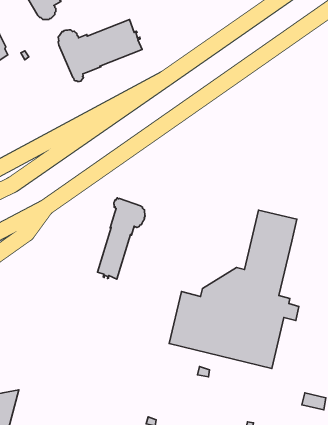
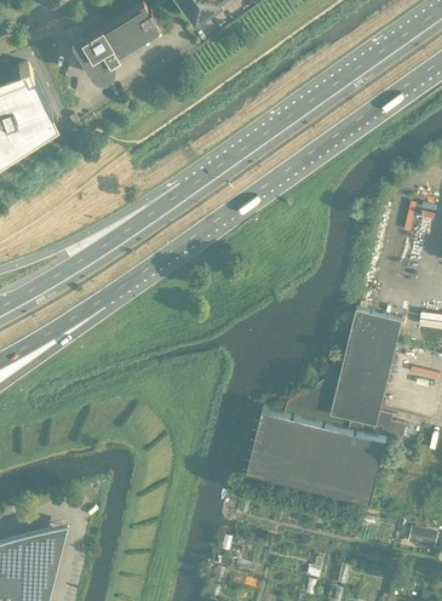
building: [58,20,142,82] -> none
building: [98,198,145,279] -> none

